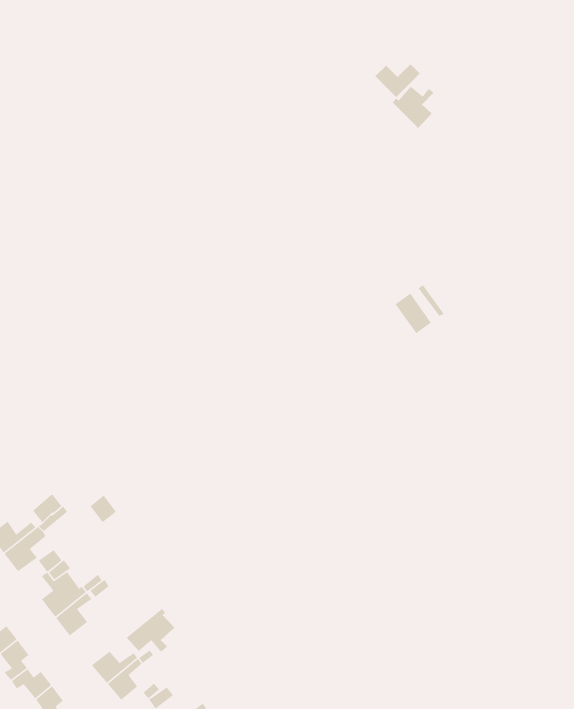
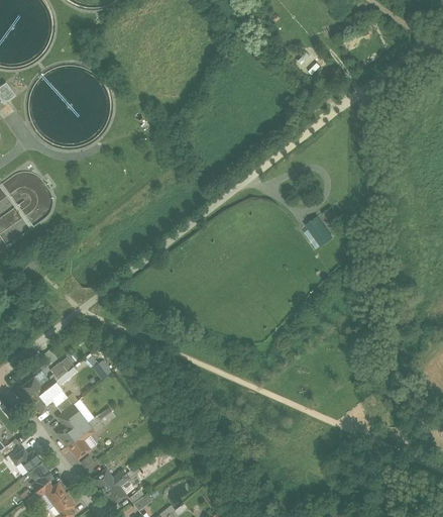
building: [392,85,434,129] -> none
building: [126,608,176,653] -> none

